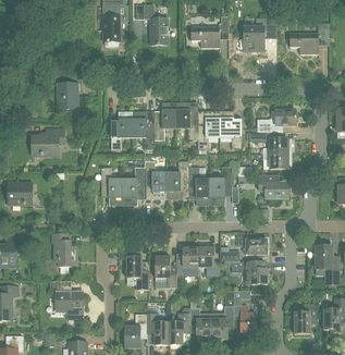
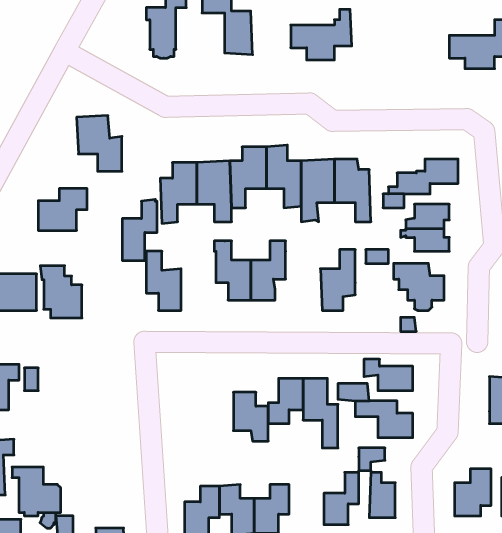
building: [243,16,275,49] -> none
building: [122,166,144,204] -> [122,199,157,260]
building: [187,167,210,204] -> none
building: [51,233,77,266] -> [40,266,82,318]
building: [125,255,148,289] -> none
building: [51,280,82,310] -> [12,467,61,516]
building: [189,306,211,338] -> none

